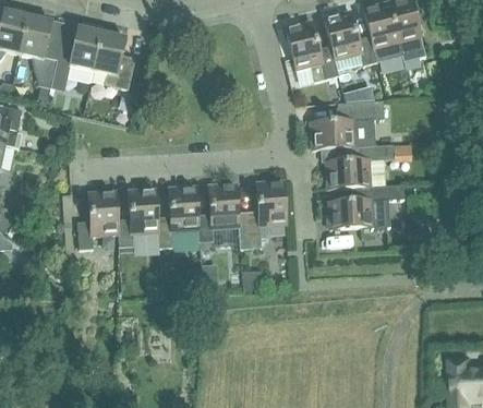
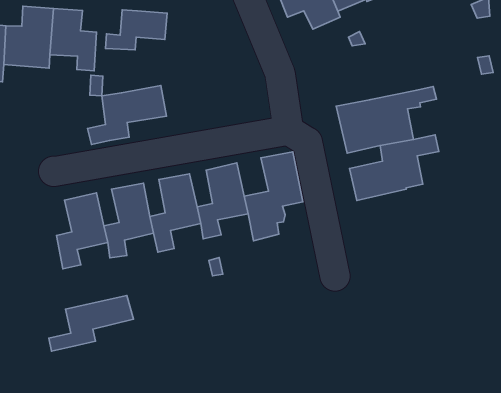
building: none -> [105,10,167,50]
building: [311,100,385,149] -> none
building: none -> [88,85,167,144]
building: none -> [49,295,134,351]

